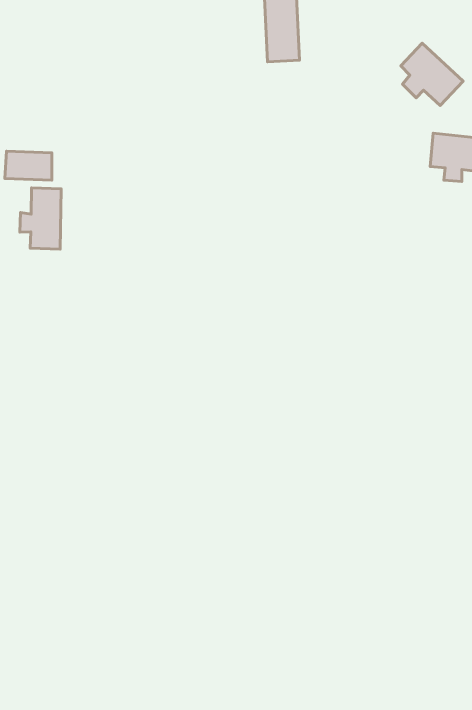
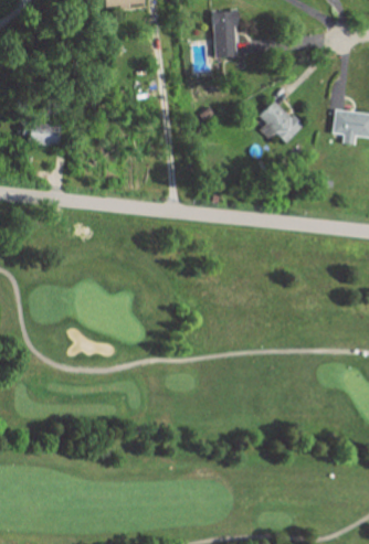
building: [401,43,463,105] -> [259,99,304,145]
building: [20,188,61,249] -> none

